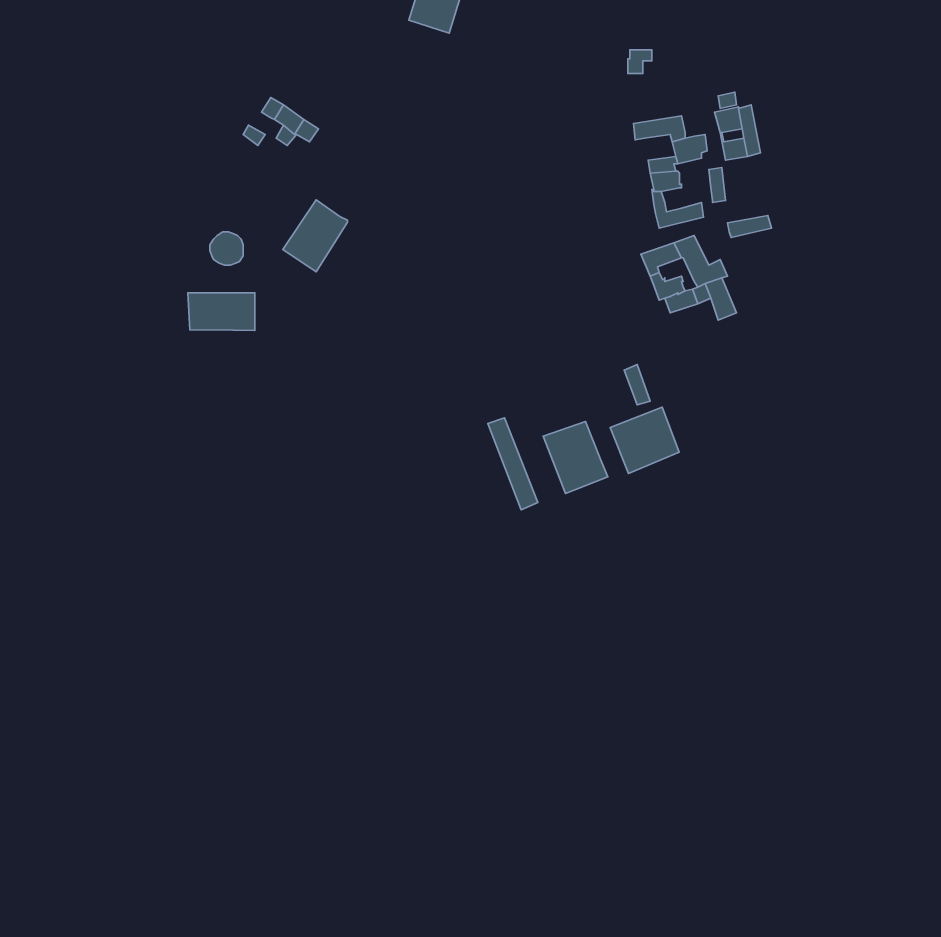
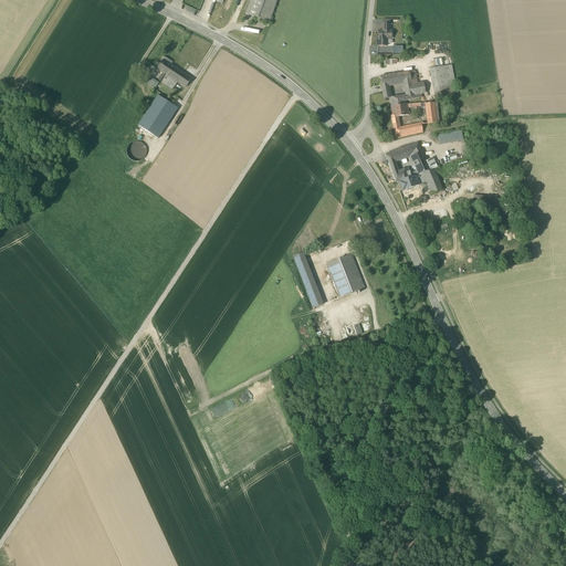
building: [283,200,347,272] -> [138,94,177,137]
building: [188,293,255,330] -> none
building: [610,407,679,474] -> none

